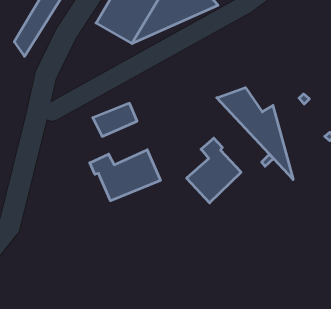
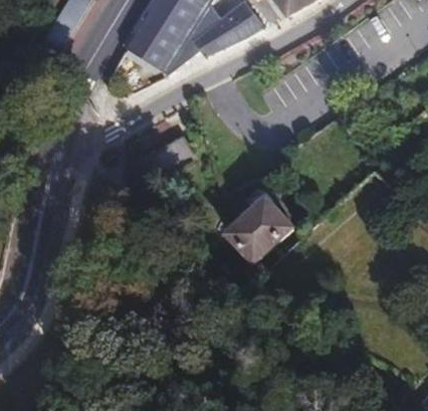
building: [217,88,293,180] -> none
building: [90,150,160,201] -> none

